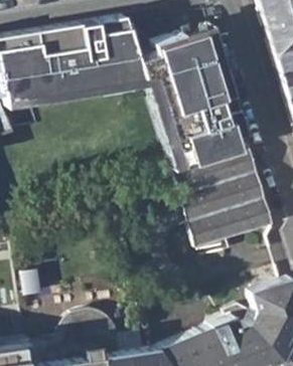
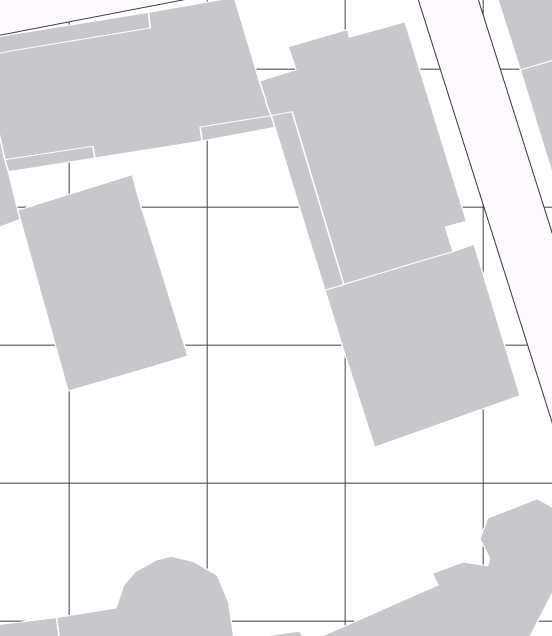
building: none -> [18,175,188,391]

